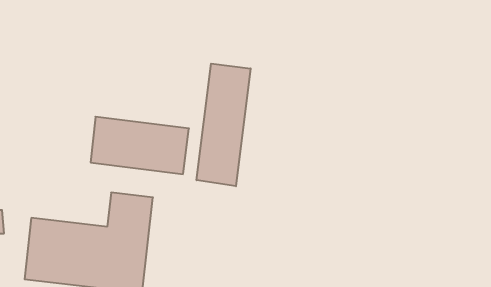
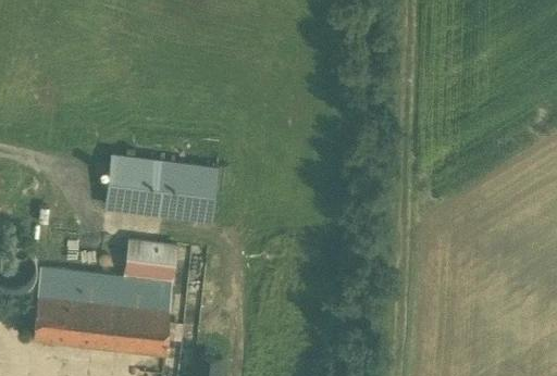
building: [197,64,251,186] -> none

